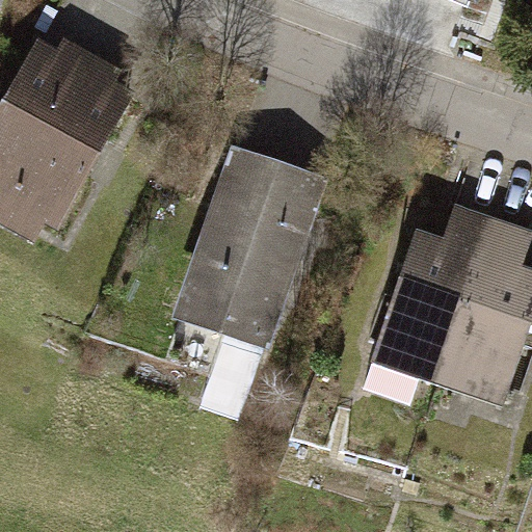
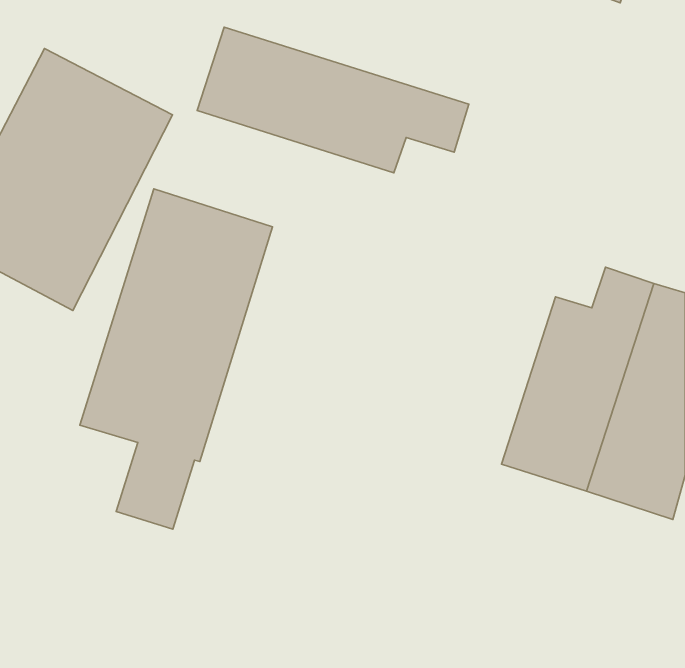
building: none -> [197,27,469,173]
building: [170,147,319,408] -> [80,189,273,529]

